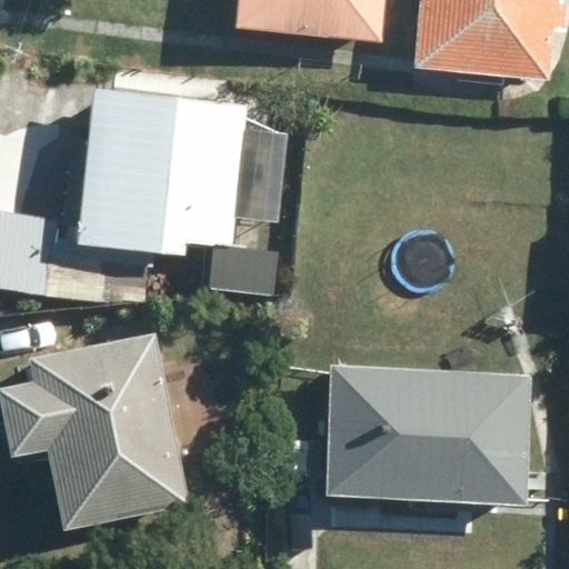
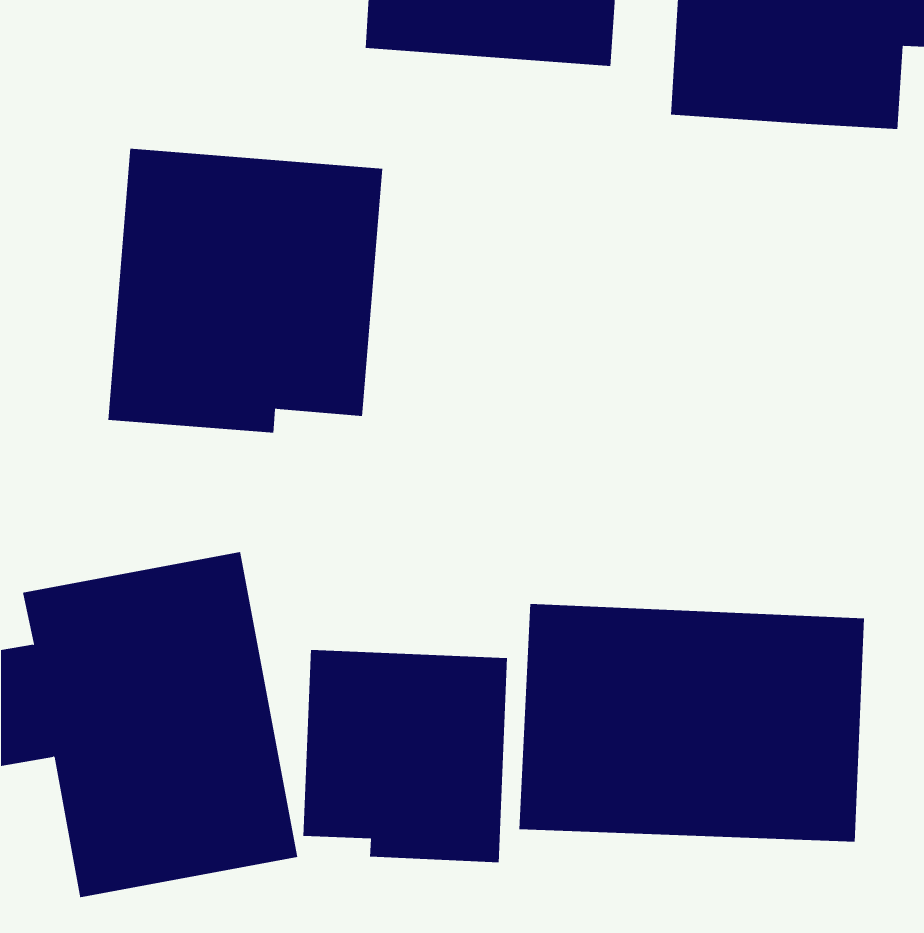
building: none -> [303,649,508,863]

